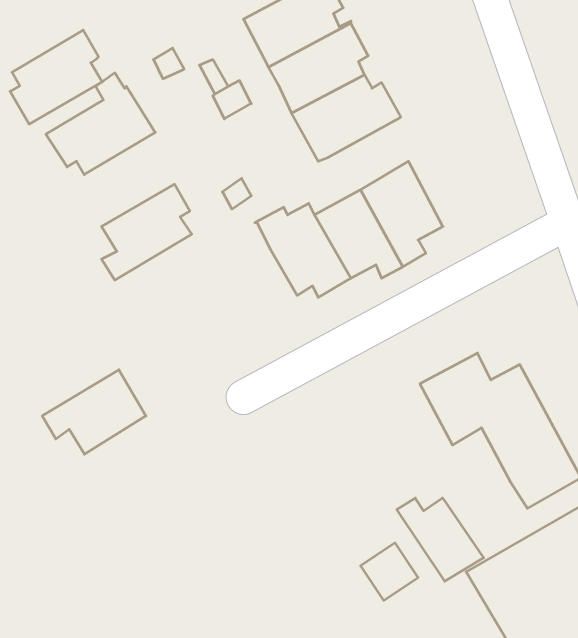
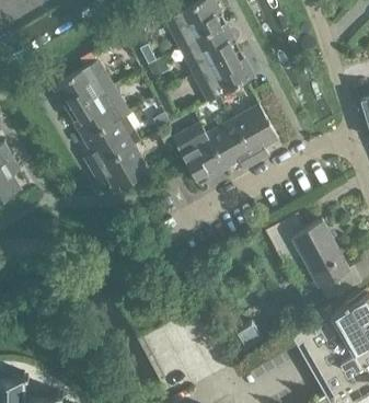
building: [10,30,102,124] -> [73,88,126,141]
building: [42,370,146,454] -> [92,146,151,194]
building: [397,498,484,581] -> none

